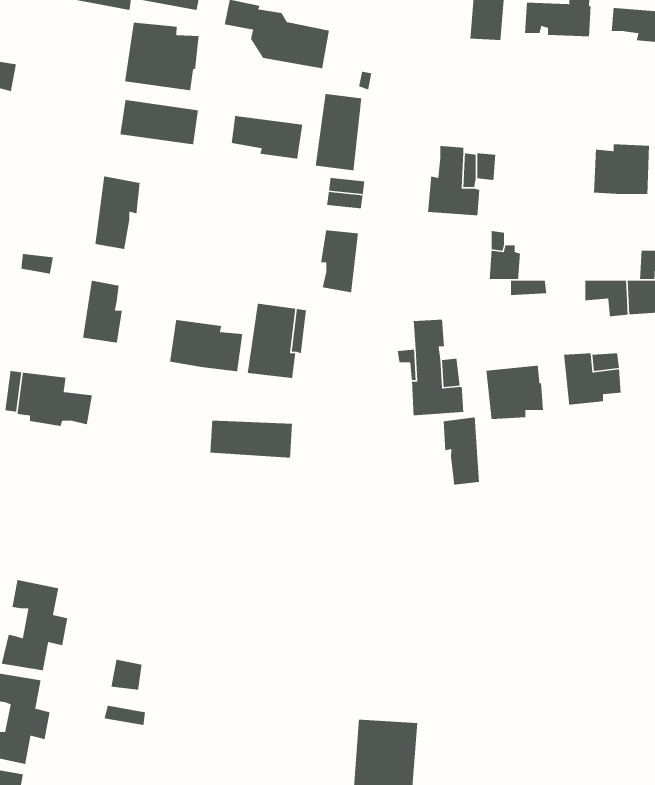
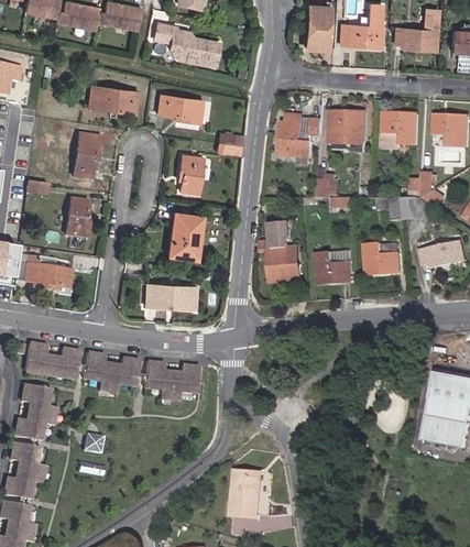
building: [124,22,200,91] -> none
building: [315,93,362,171] -> none
building: none -> [331,111,365,151]
building: [320,229,359,293] -> [178,154,203,194]
building: [169,319,243,372] -> none
building: [443,416,480,486] -> none
building: none -> [24,342,80,376]
building: none -> [83,352,140,392]
building: none -> [144,361,199,400]

